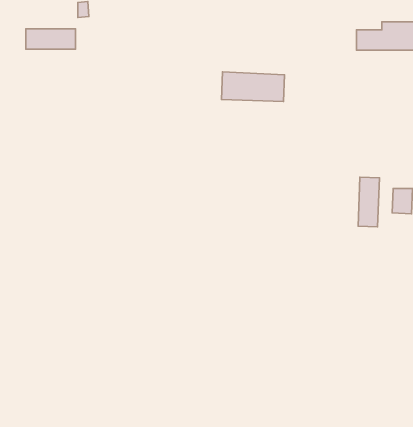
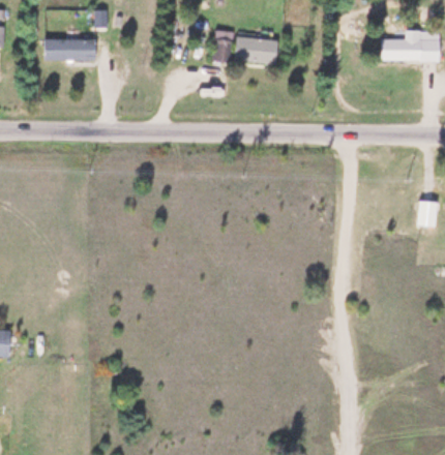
building: [221,72,284,101] -> [213,33,277,63]
building: [358,177,379,227] -> none

